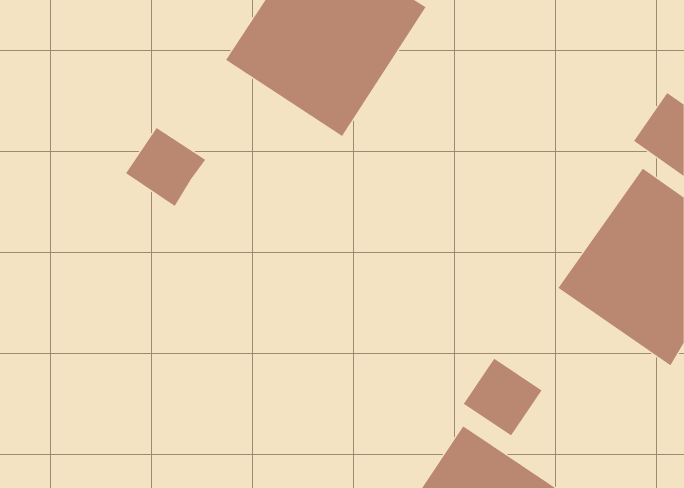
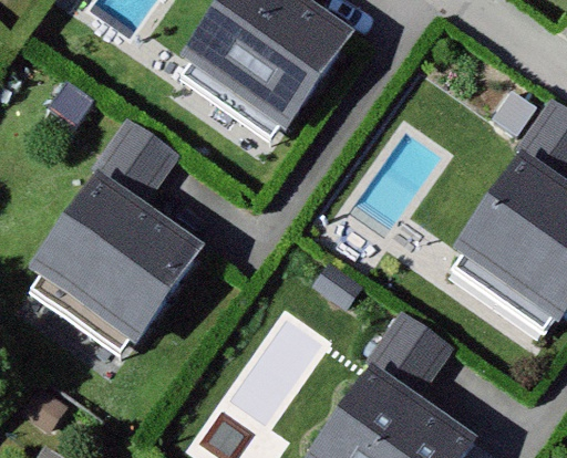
building: none -> [38,183,198,344]

